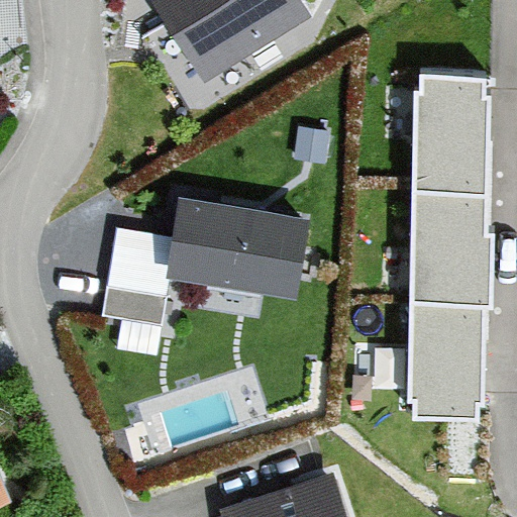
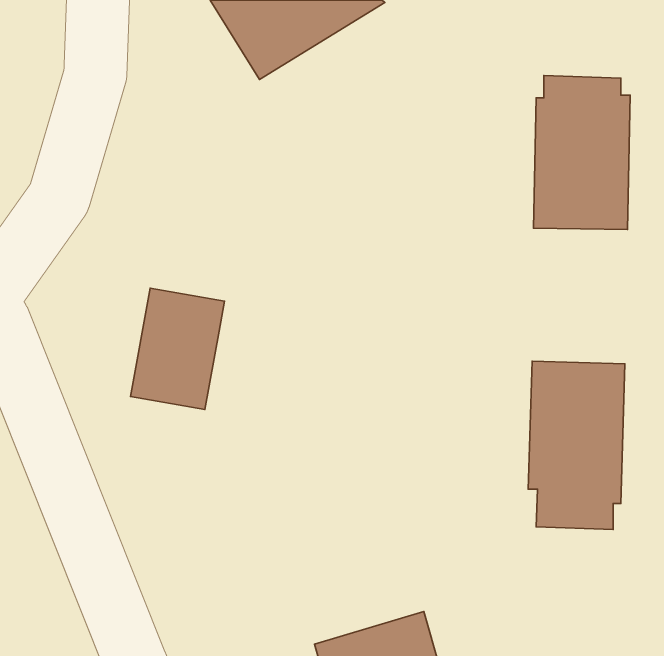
building: [412,185,491,290] -> none
building: [170,200,299,283] -> none

